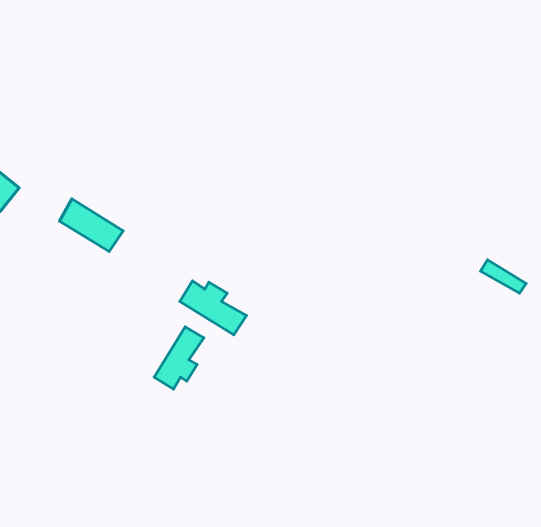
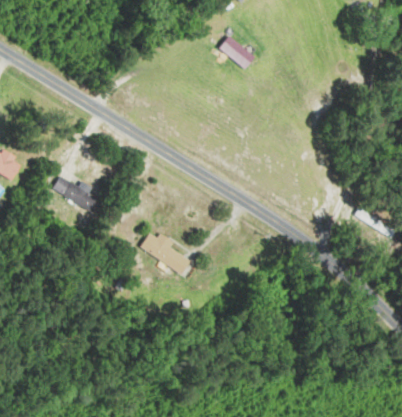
building: none -> [219,37,255,66]
building: [154,327,204,389] -> none

